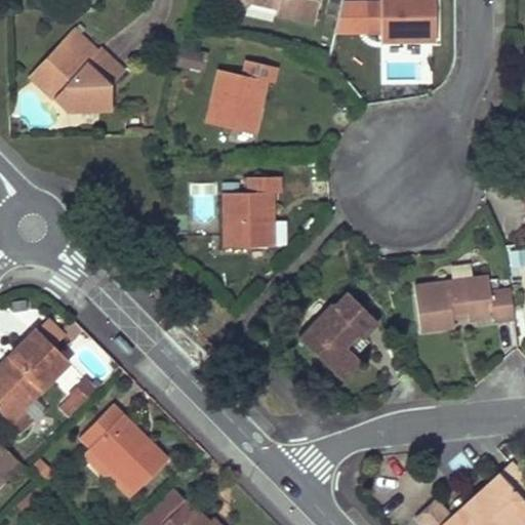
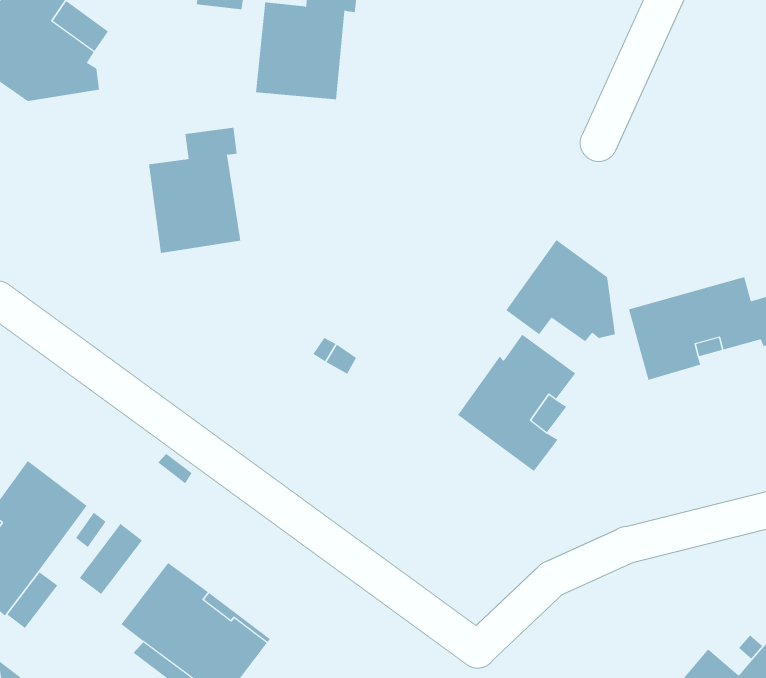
building: [224,176,279,247] -> [148,127,241,253]
building: none -> [505,239,615,342]

